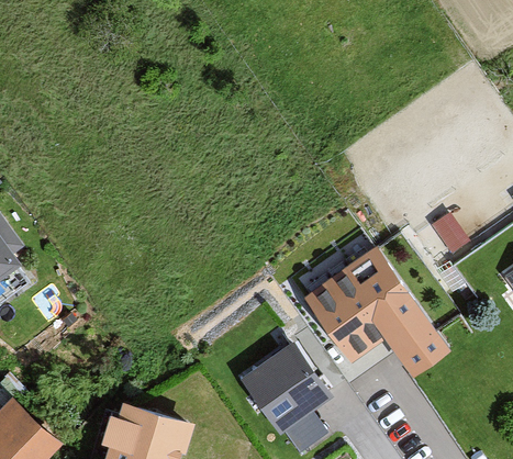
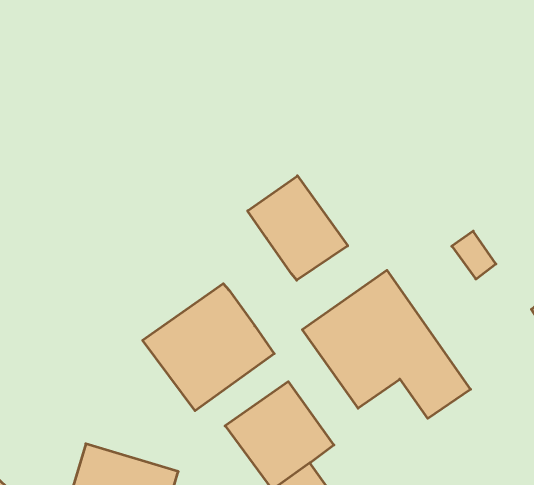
building: none -> [248,176,348,280]
building: none -> [143,284,274,411]

